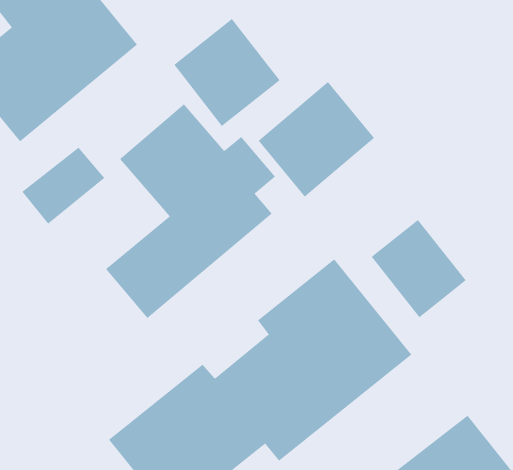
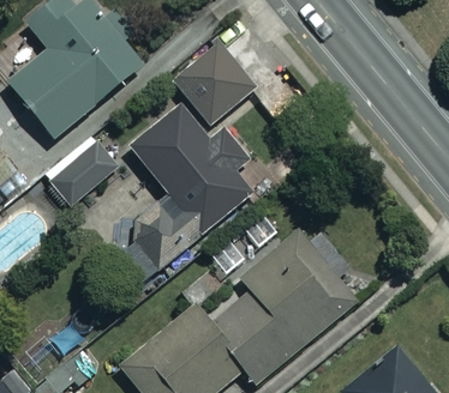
building: [258,81,375,197] -> none
building: [371,219,466,318] -> none

